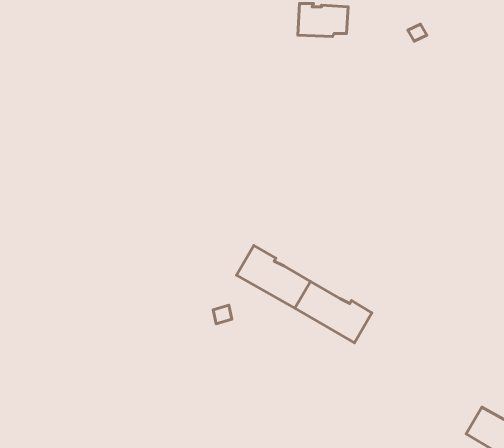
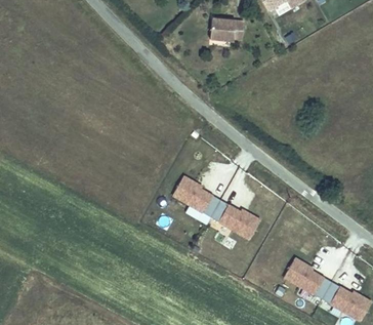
building: none -> [283,256,331,298]

